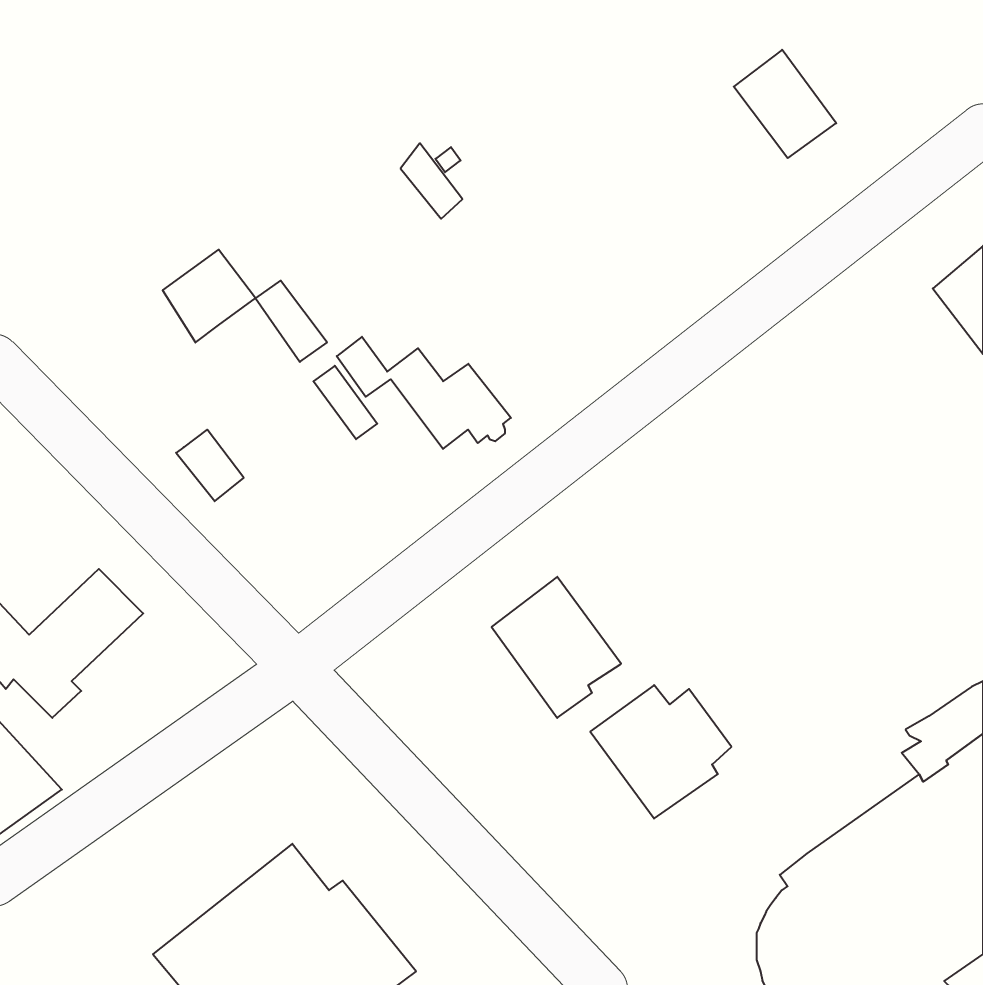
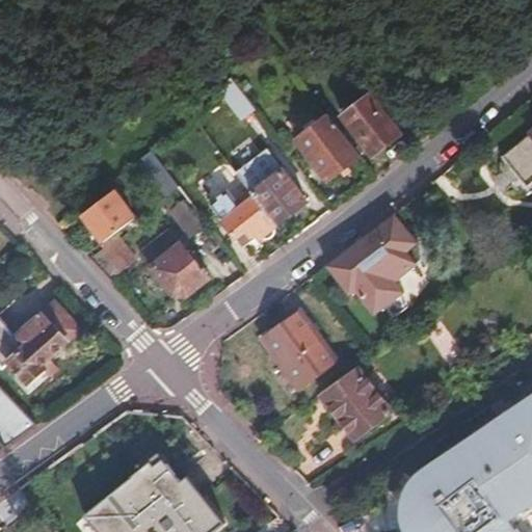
building: [734,50,836,158] -> [342,99,397,157]
building: none -> [294,116,357,182]
building: [163,250,255,343] -> [81,192,131,242]
building: none -> [233,149,307,227]
building: none -> [325,214,421,317]
building: none -> [147,241,208,295]

